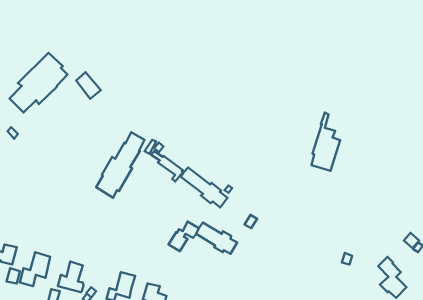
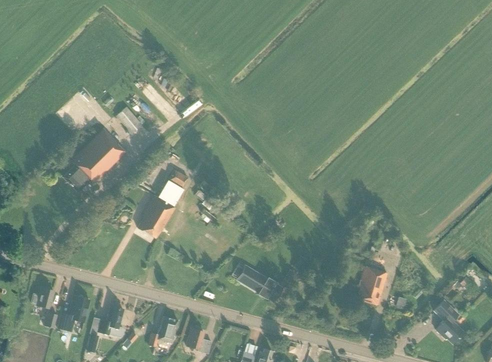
building: [9,53,67,113] -> [62,129,123,192]
building: [311,113,340,171] -> [357,244,387,305]
building: [181,168,227,207] -> none

